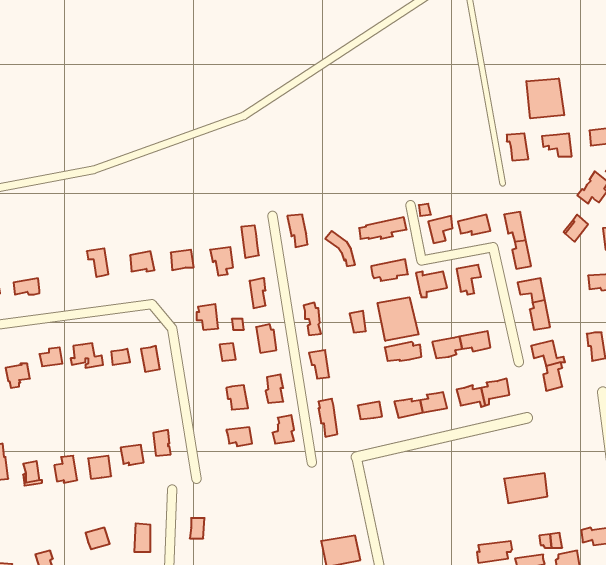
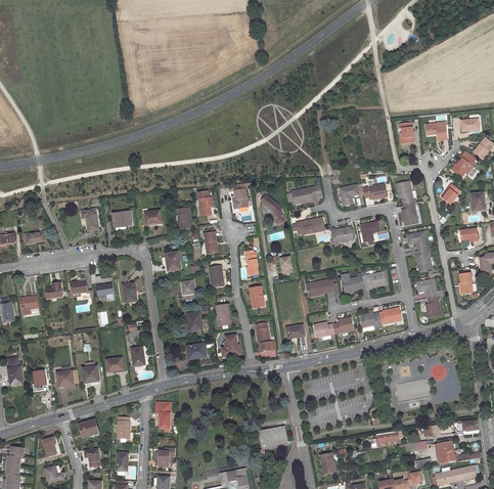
building: [526,78,564,118] -> none
building: [378,297,419,341] -> none

